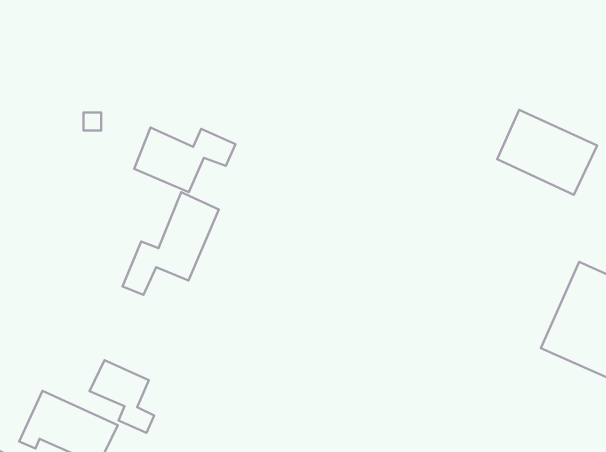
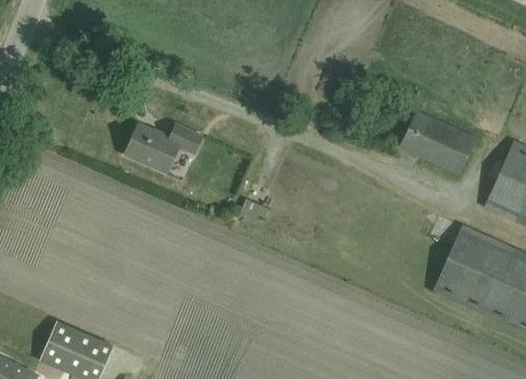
building: [123,192,219,295] -> none
building: [90,360,154,433] -> none

